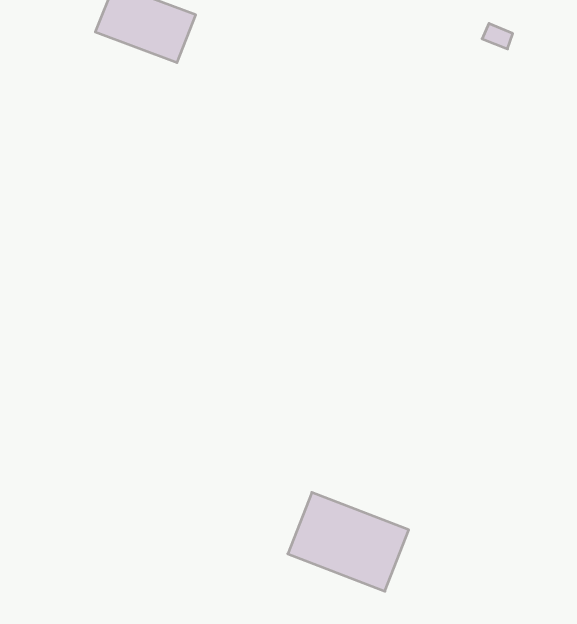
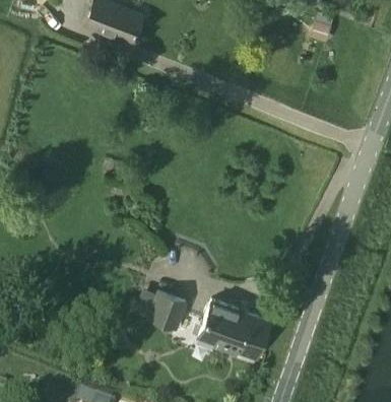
building: none -> [135,287,187,327]

